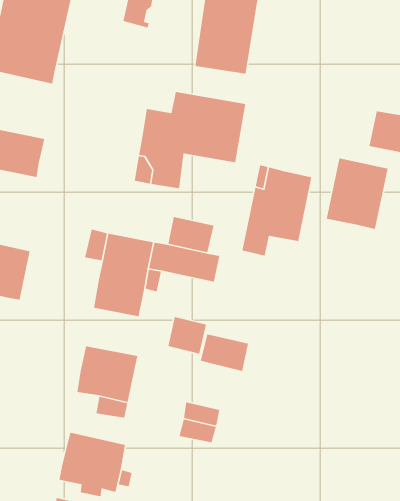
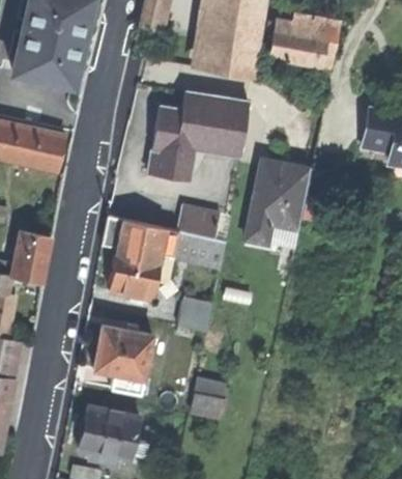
building: none -> [267,11,339,66]
building: [326,158,389,230] -> none
building: [200,333,249,372] -> none

